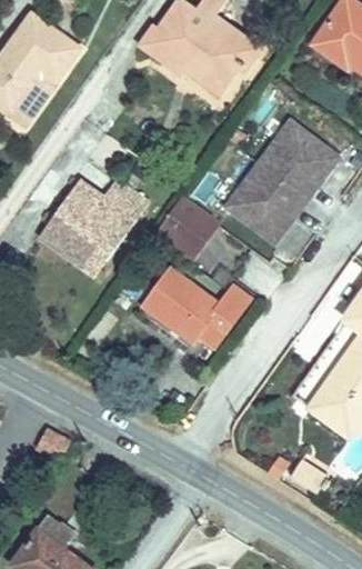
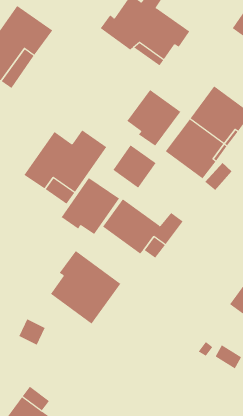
building: none -> [127,89,181,147]
building: none -> [61,177,120,235]
building: none -> [50,250,121,324]

